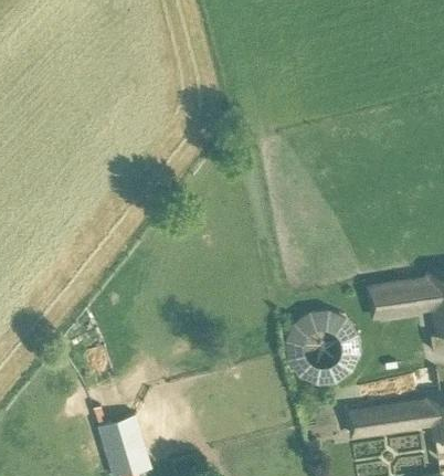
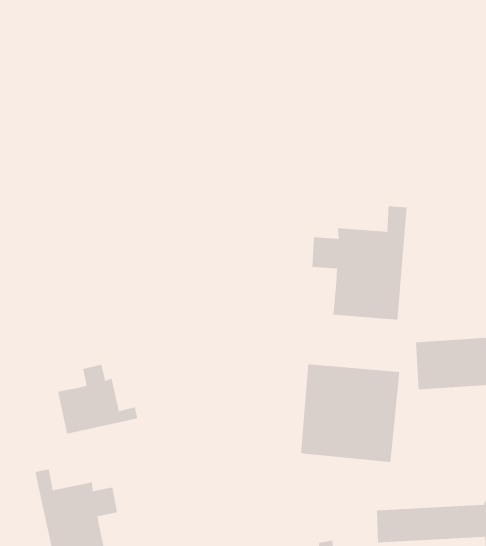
building: none -> [312,206,407,320]
building: none -> [57,364,138,434]

